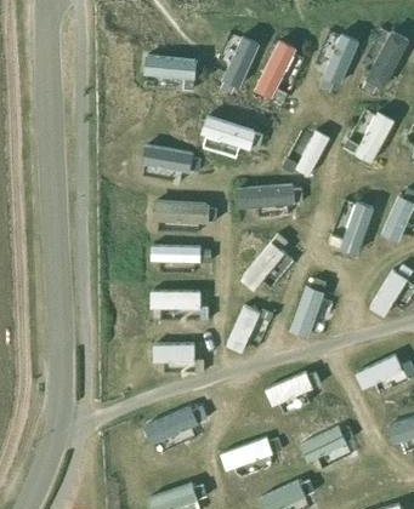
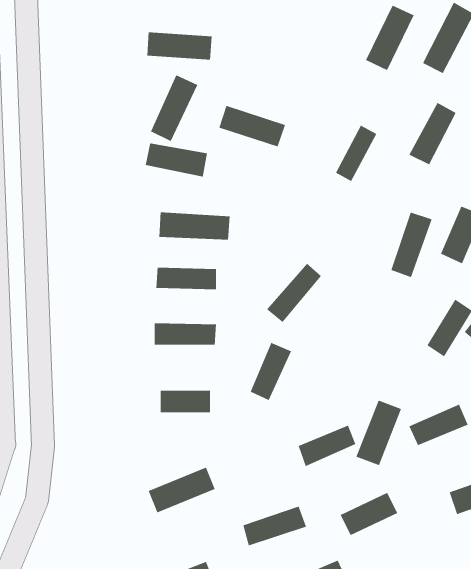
building: [220,35,259,90] -> [150,74,198,142]
building: [253,40,295,99] -> none
building: [236,184,293,208] -> none
building: [288,286,325,339] -> [356,400,402,466]

